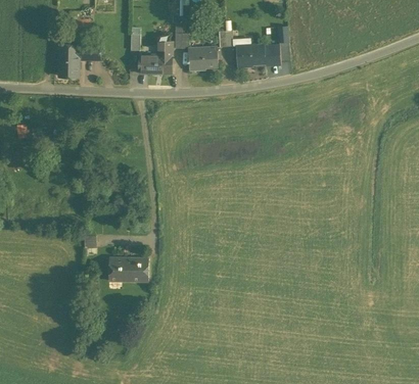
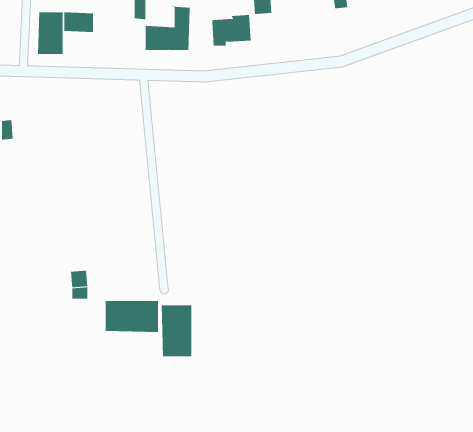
building: [235,43,280,66] -> none
building: none -> [161,304,192,357]

